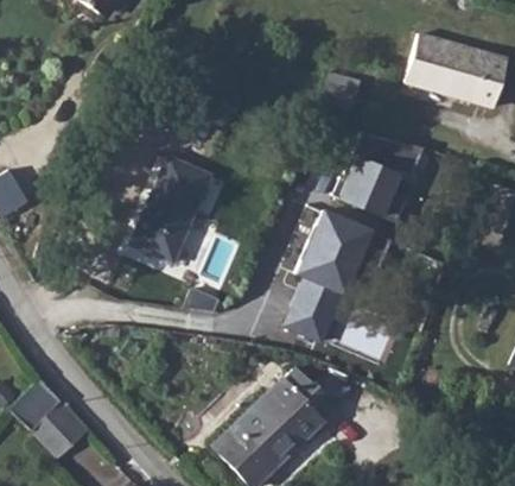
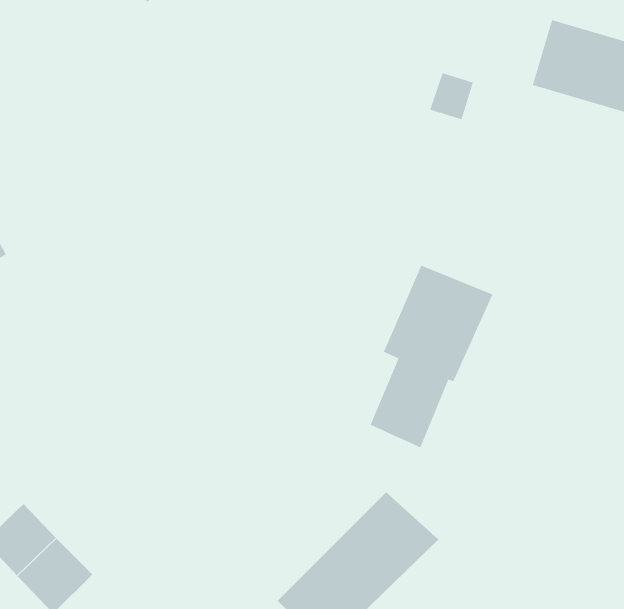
building: [337,131,422,215] -> none
building: [133,156,208,261] -> none

